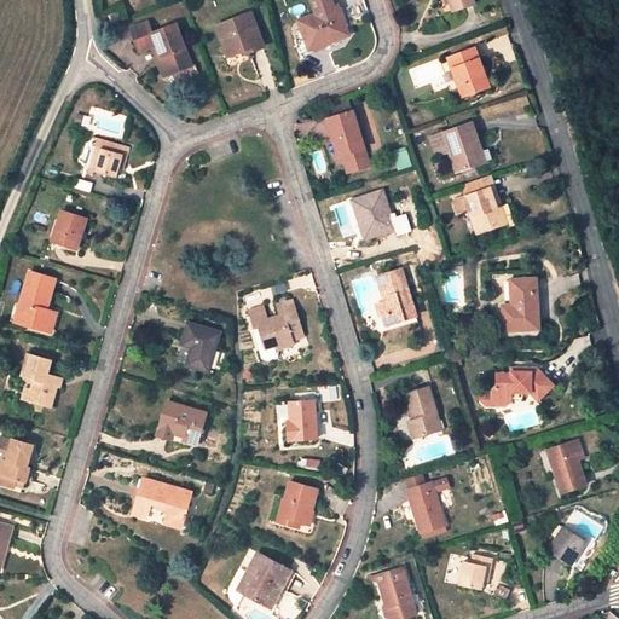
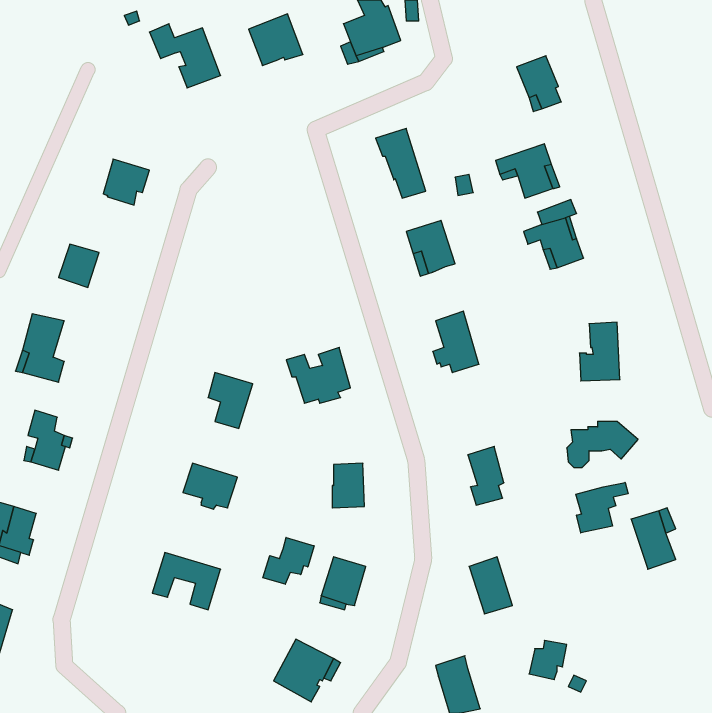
building: none -> [576,482,628,533]
building: none -> [263,537,314,584]
building: [548,528,584,565] -> none

